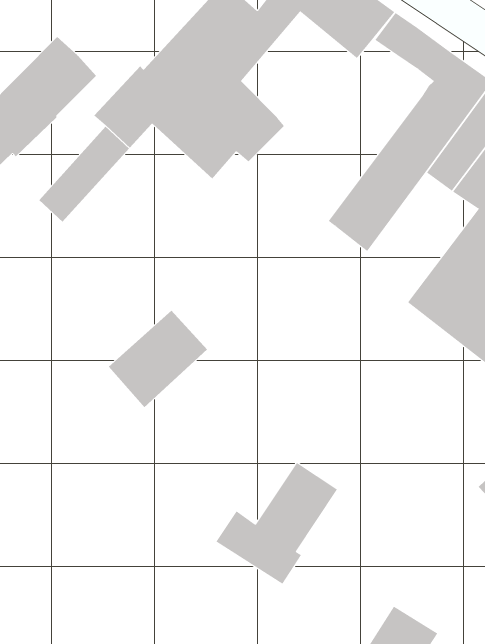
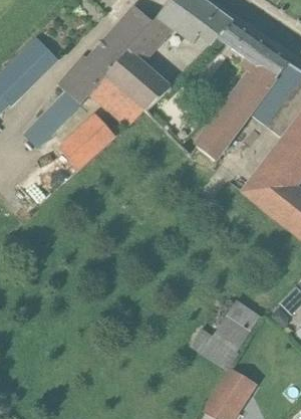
building: [108,310,208,408] -> [57,113,115,170]
building: [216,462,338,585] -> [189,299,260,371]

